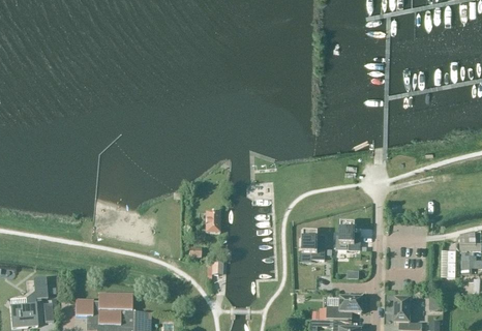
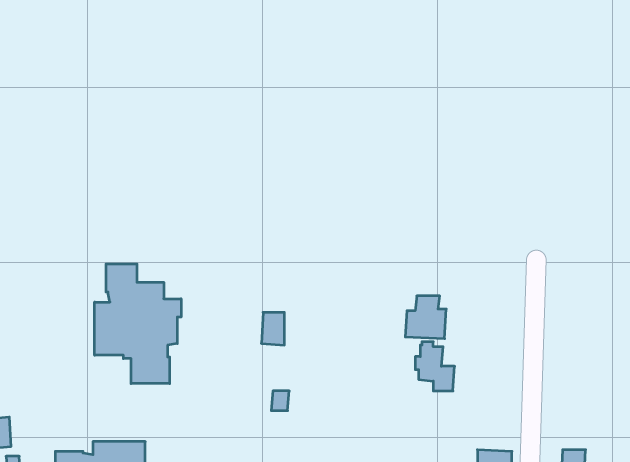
building: none -> [95,264,181,384]
building: [335,223,361,250] -> [405,296,446,339]

